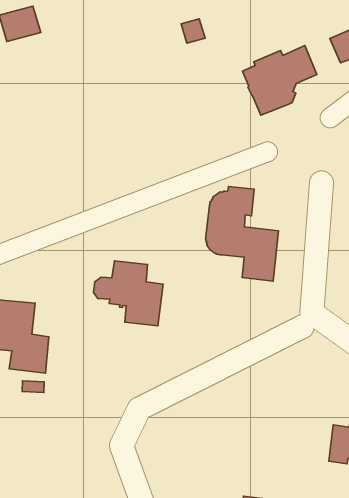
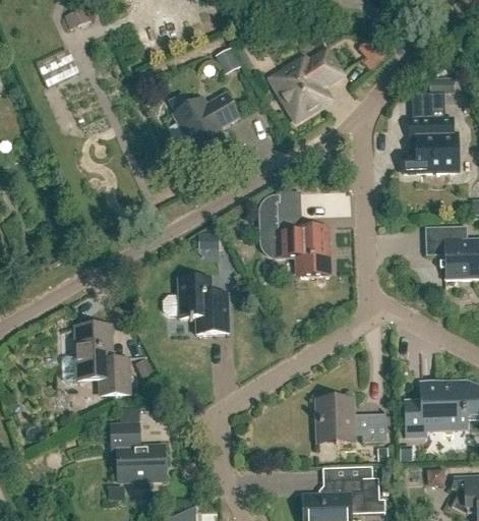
building: none -> [168,88,239,155]
building: none -> [111,423,166,479]
building: none -> [316,398,387,442]

